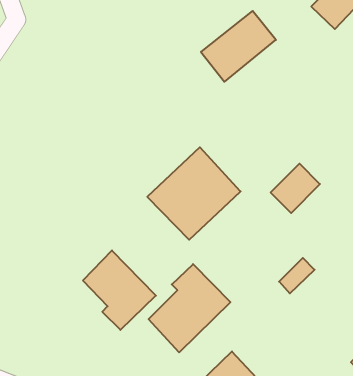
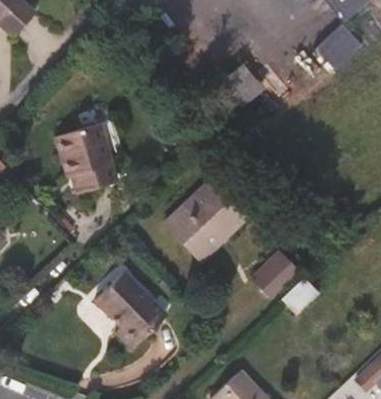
building: none -> [53,122,120,194]
building: [271,164,320,213] -> [255,258,301,304]
building: [149,264,230,352] -> none

